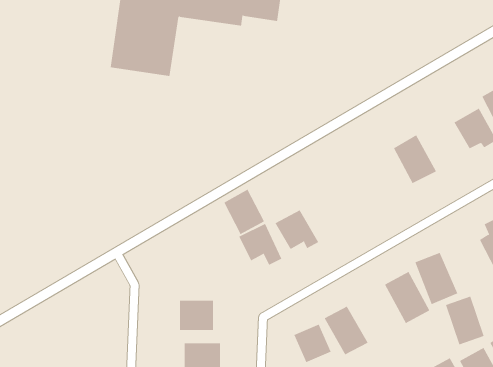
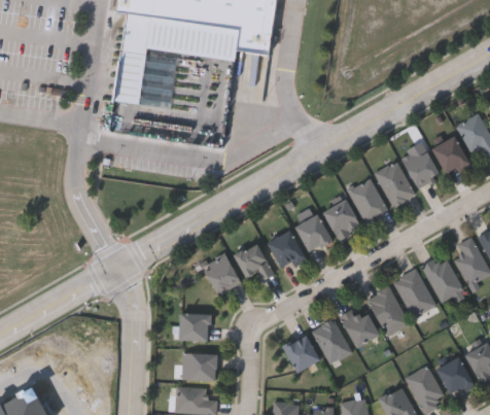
building: none -> [400,147,440,188]
building: none -> [347,177,388,223]
building: none -> [322,199,360,239]
building: [223,189,265,235] -> [202,253,240,296]
building: none -> [293,213,331,251]
building: none -> [339,304,377,347]
building: [445,296,484,345] -> [424,255,460,301]

